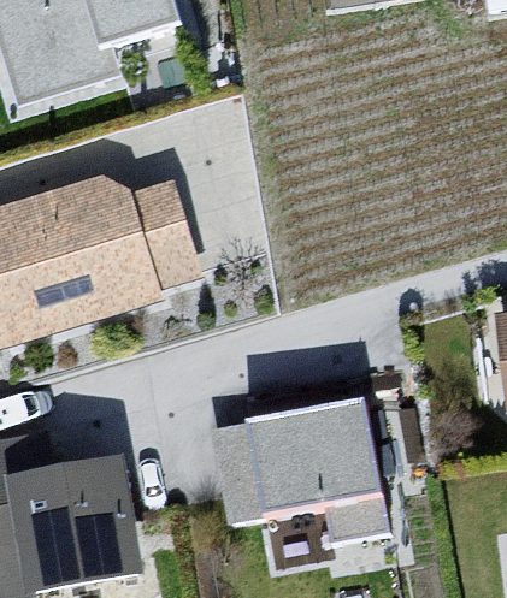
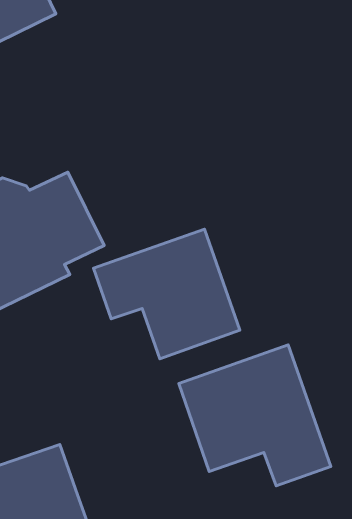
building: none -> [94,229,240,359]

